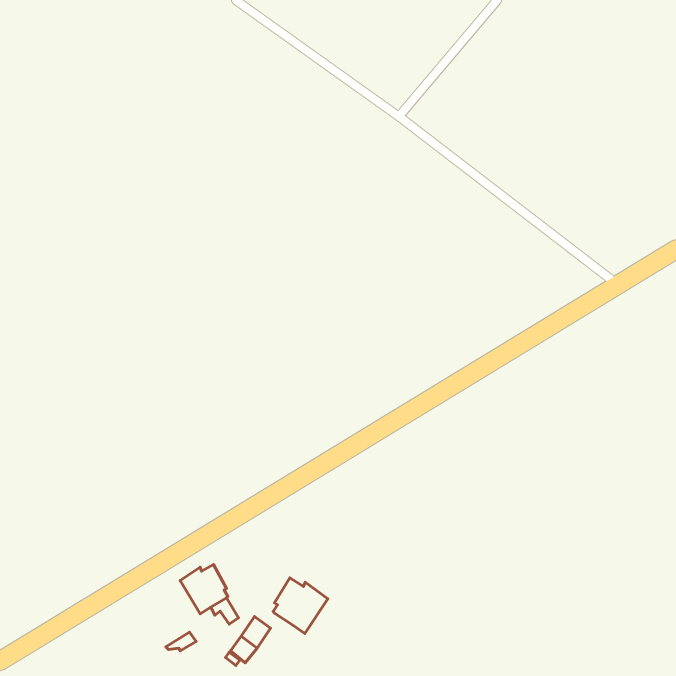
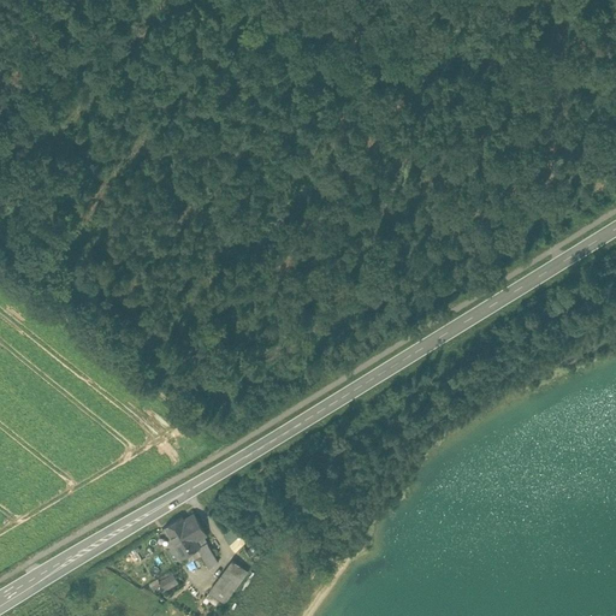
building: [273,578,328,633] -> none

